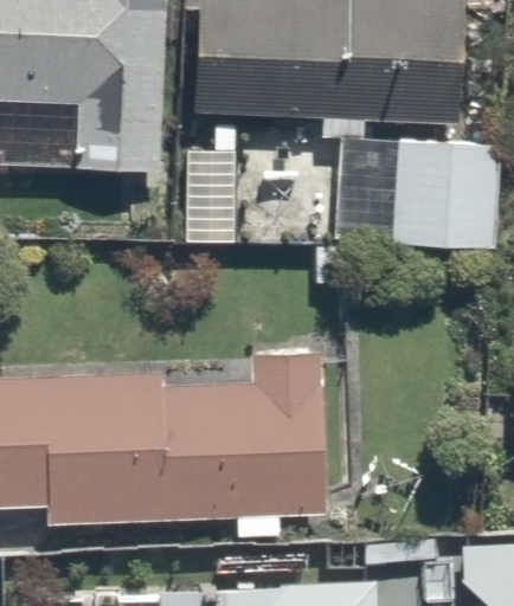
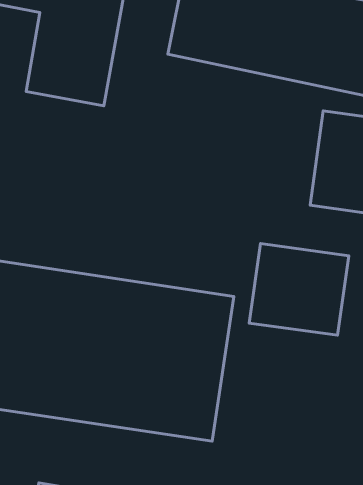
building: none -> [249,243,349,335]

